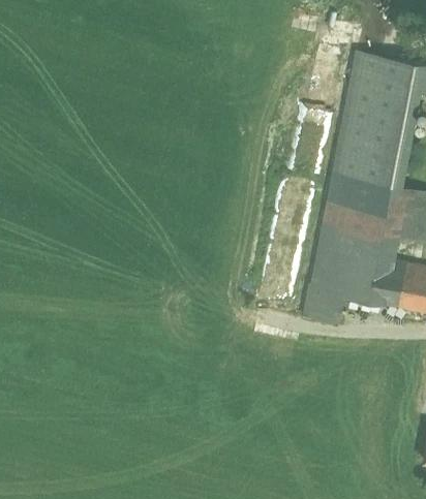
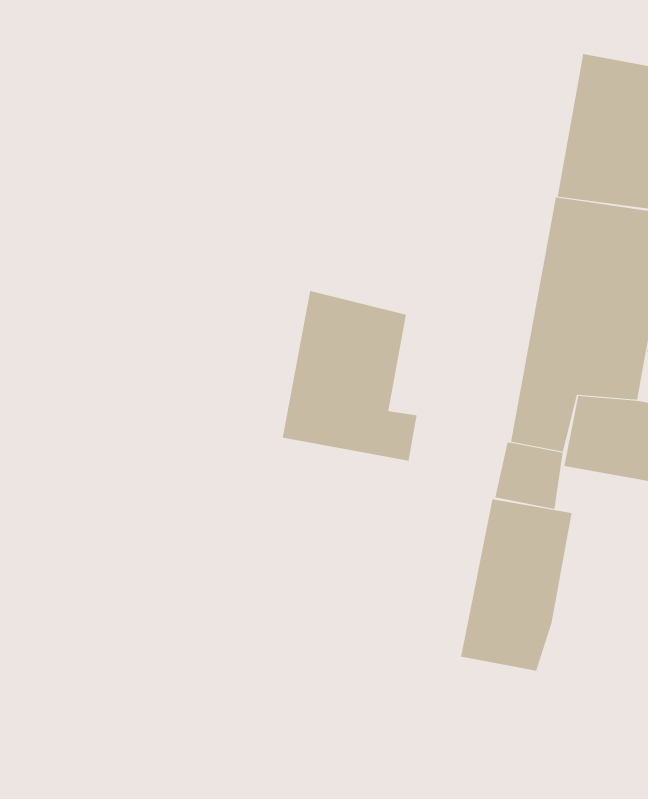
building: none -> [282,290,417,461]
building: none -> [460,498,572,671]

